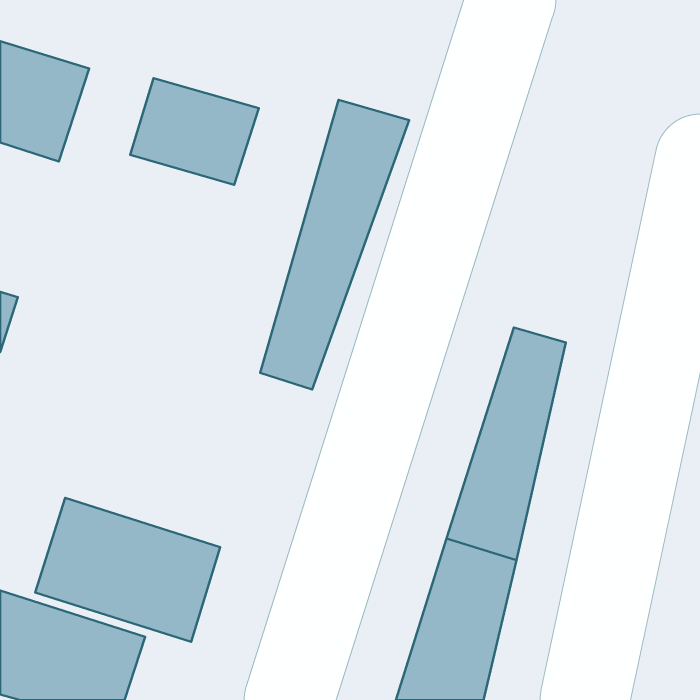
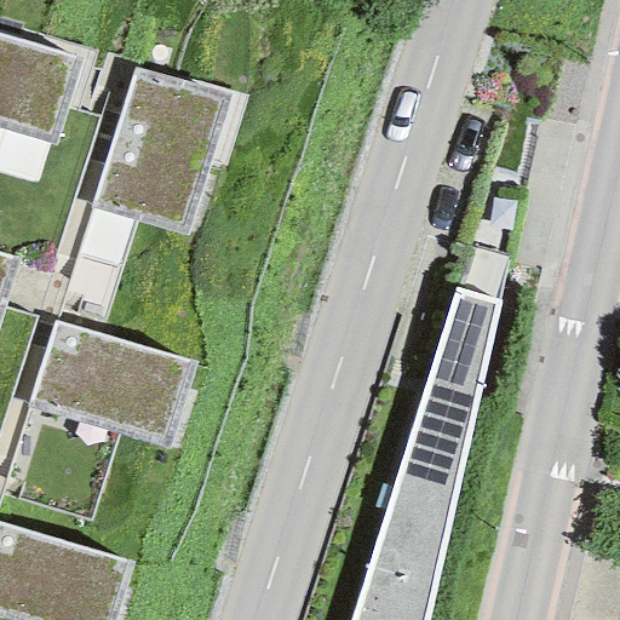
building: [260,100,409,390] -> none
building: none -> [92,137,207,235]
building: [35,498,220,642] -> [27,320,190,447]

